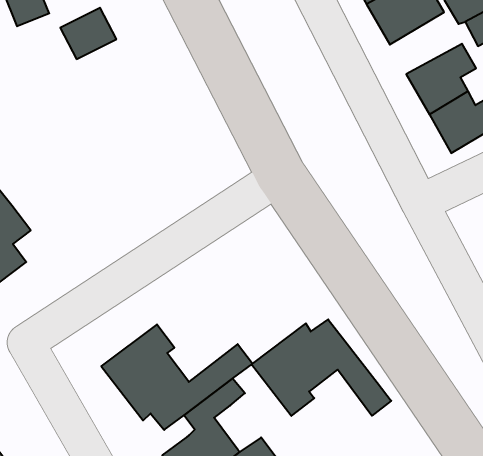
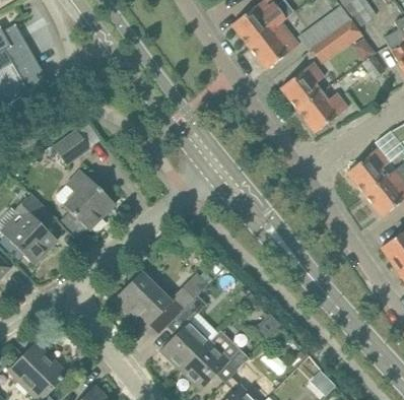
building: [60,8,116,59] -> [54,130,90,164]
building: none -> [57,171,115,237]
building: [251,319,391,416] -> none

